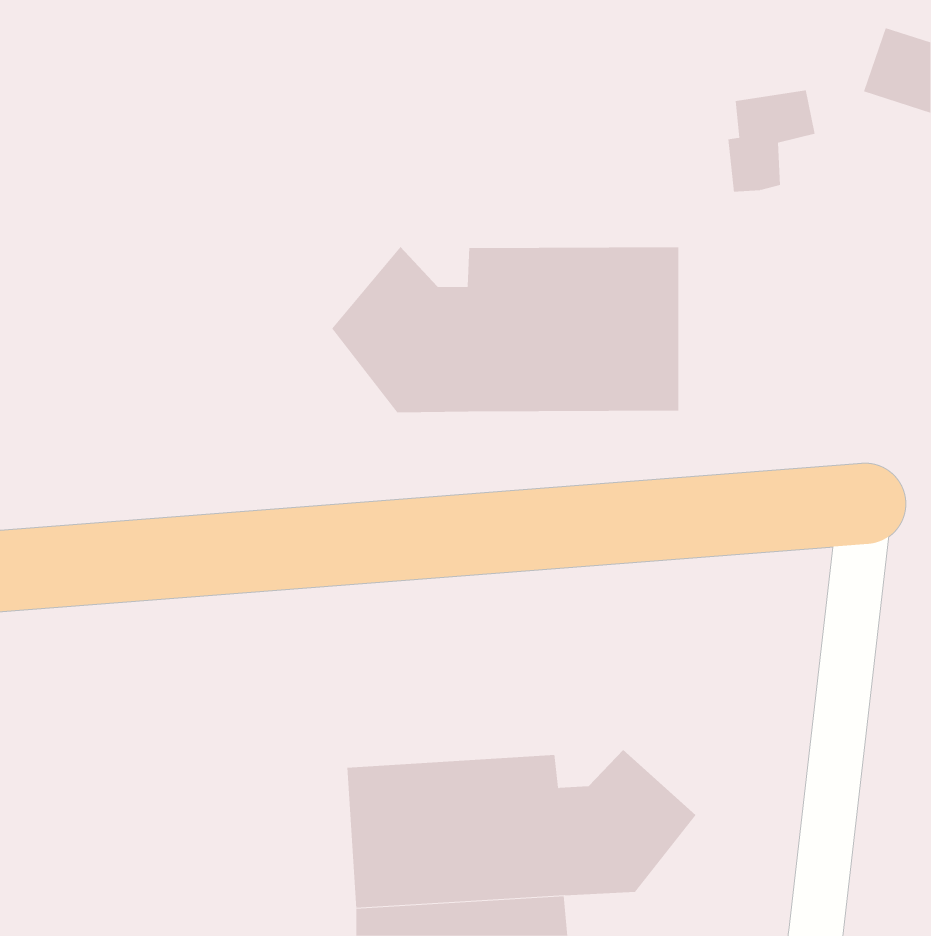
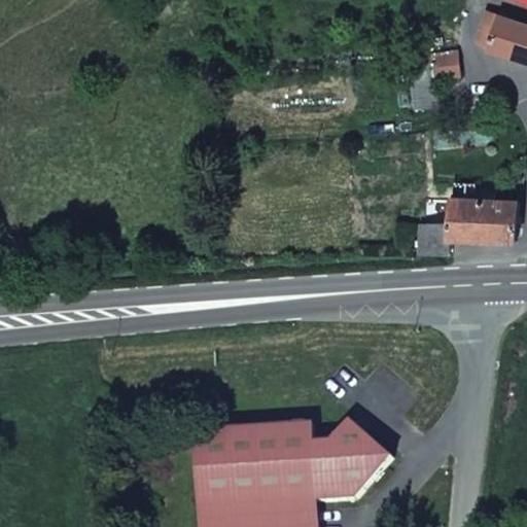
building: [332,246,679,413] -> none
building: none -> [415,191,515,253]

